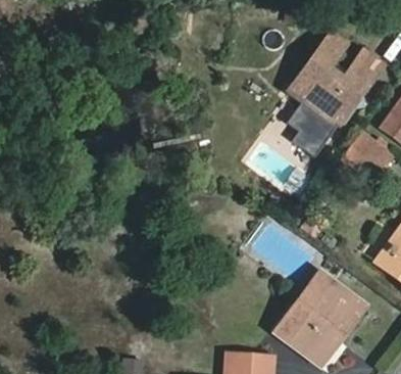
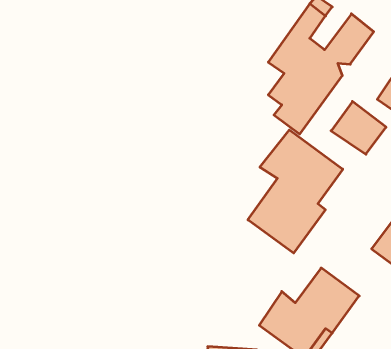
building: none -> [248,130,343,253]

